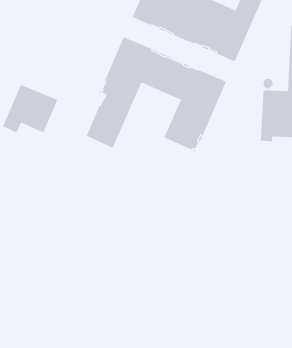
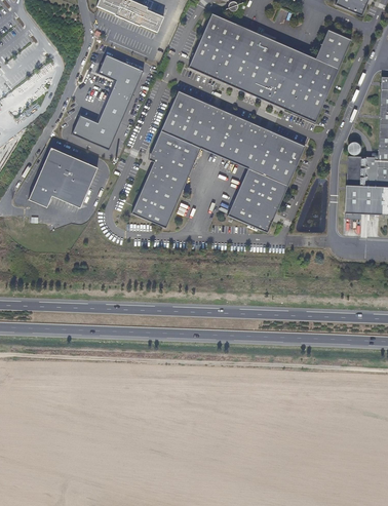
building: none -> [72,52,143,147]

